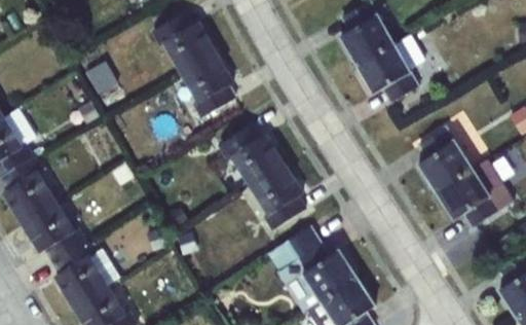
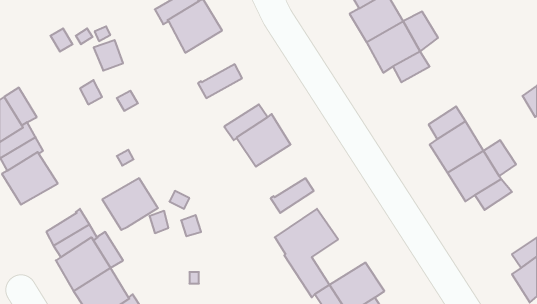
building: [181,53,233,104] -> none
building: [250,165,303,216] -> none
building: [21,203,75,253] -> [102,178,158,230]
building: [304,252,356,301] -> none

